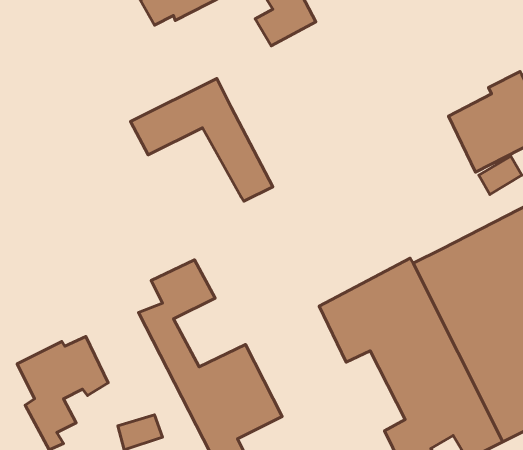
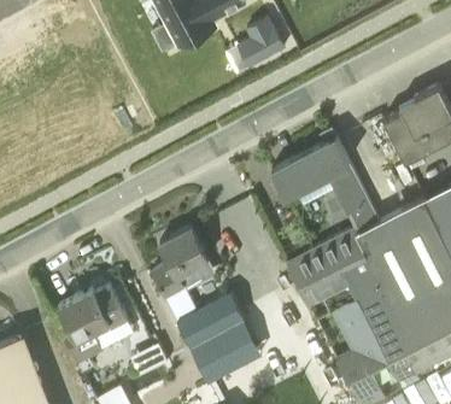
building: [131,78,273,201] -> [271,140,379,233]

